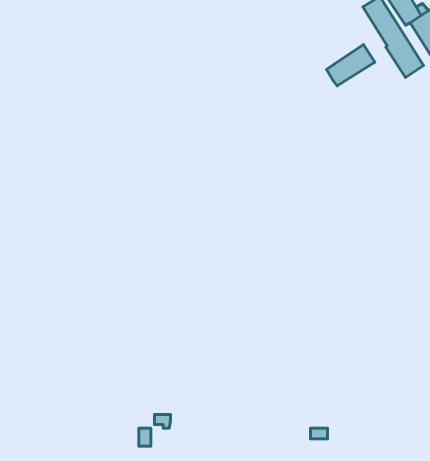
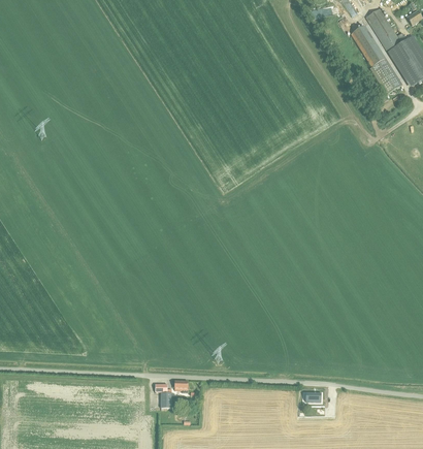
building: [326,45,375,86] -> none

